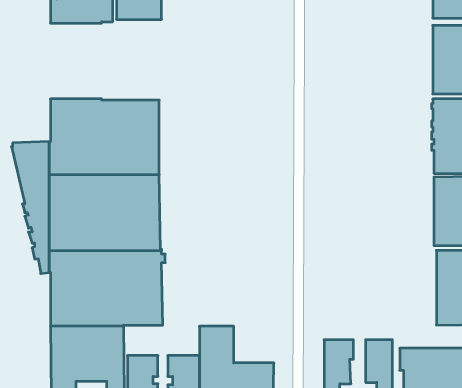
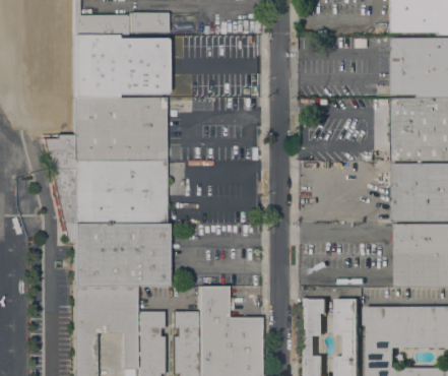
building: none -> [75,36,169,99]

